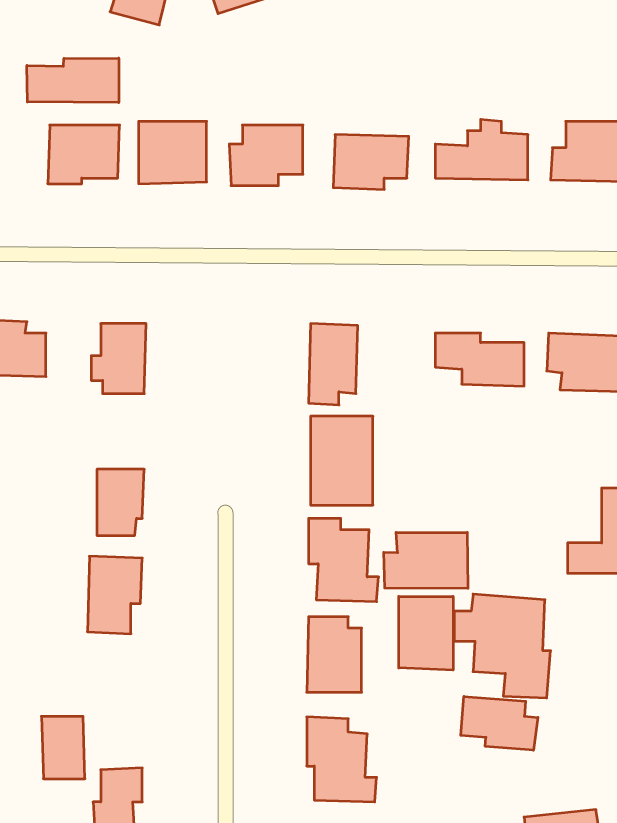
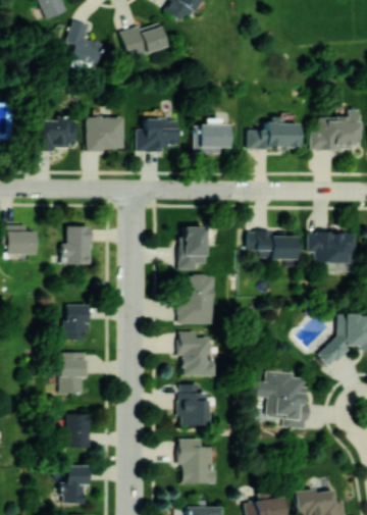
building: [27,58,119,103] -> none
building: [384,532,468,588] -> none
building: [399,596,453,670] -> none
building: [461,696,538,750] -> none
building: [41,716,85,779] -> [67,414,91,448]

